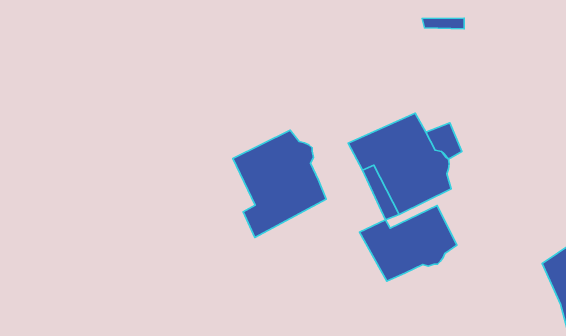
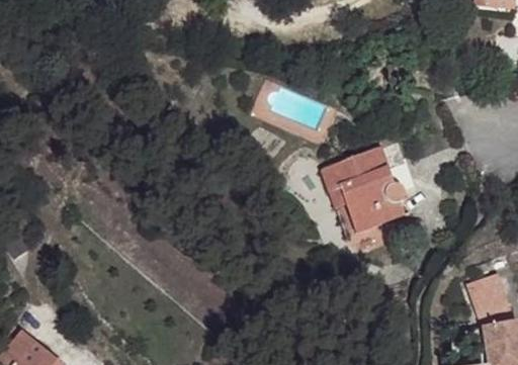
building: [233,130,326,237] -> none
building: [360,205,457,281] -> none

